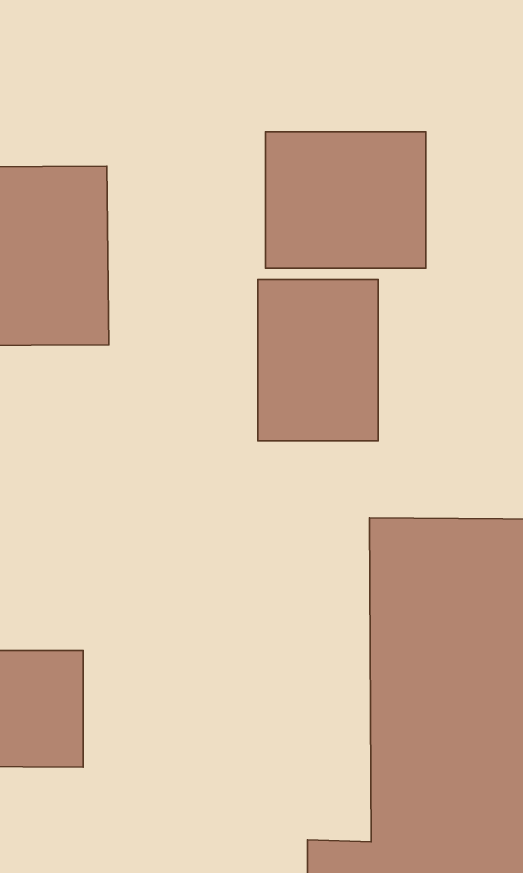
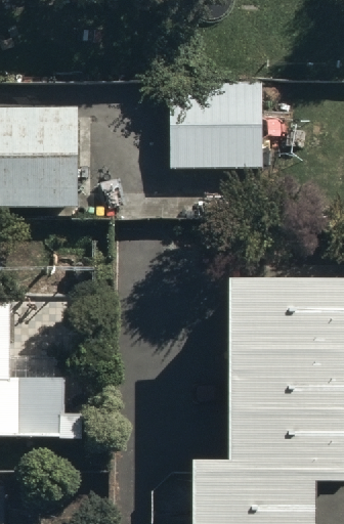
building: [258,279,378,441] -> none

